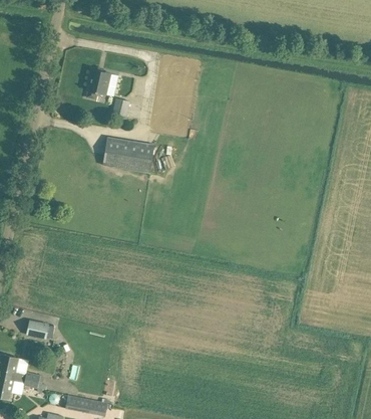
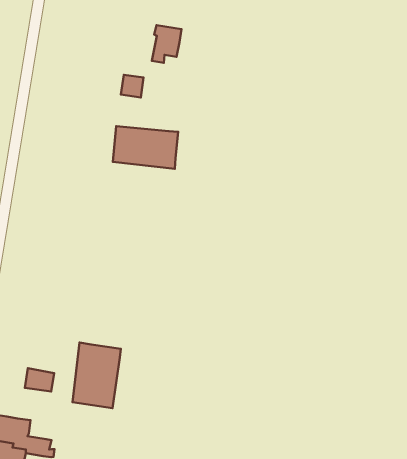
building: [86,69,110,98] -> [152,25,181,63]
building: none -> [72,343,121,408]

